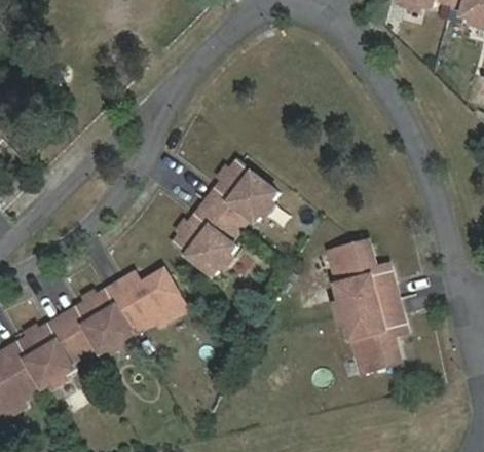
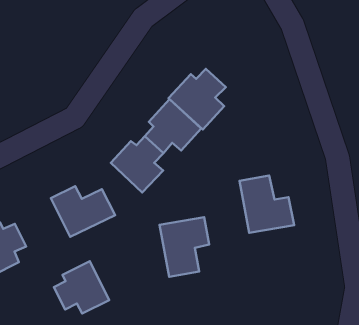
building: none -> [169,69,226,129]
building: [66,289,133,351] -> [54,261,109,314]
building: [344,298,405,372] -> [159,217,209,277]

